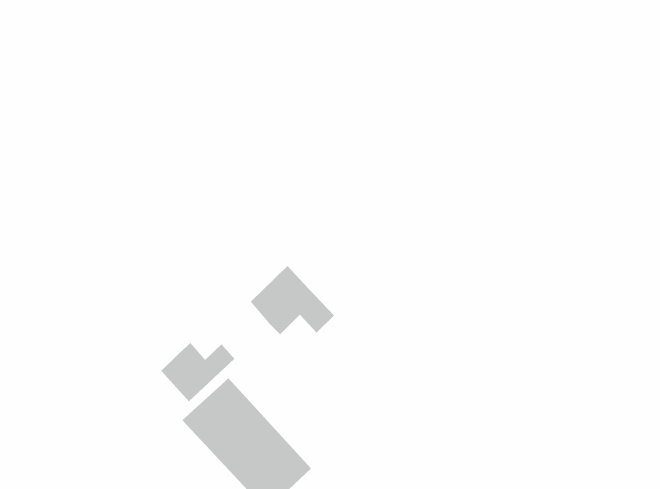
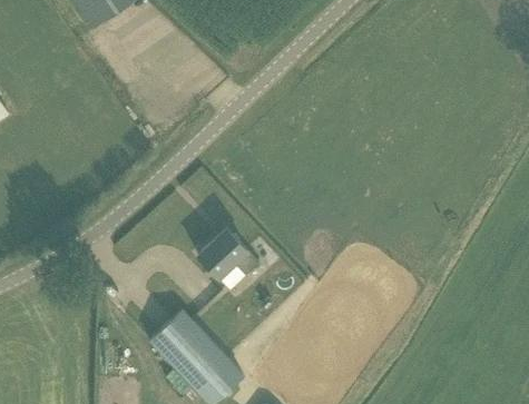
building: [161,342,235,402] -> none

